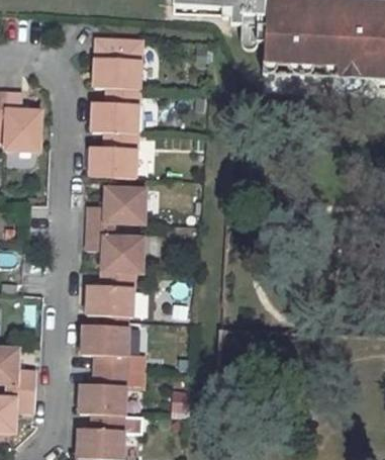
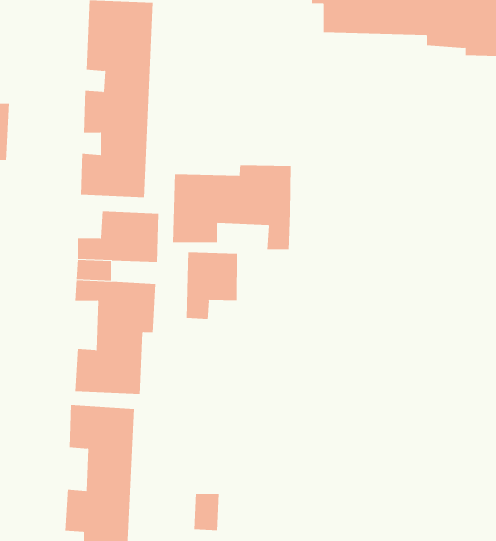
building: none -> [172,165,291,250]
building: none -> [186,251,237,320]

